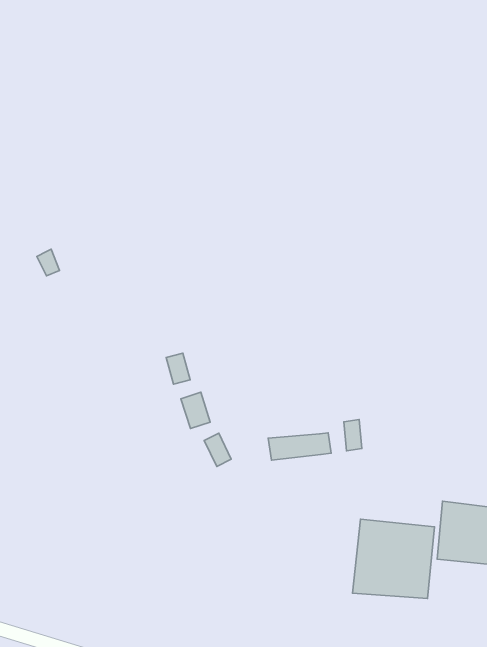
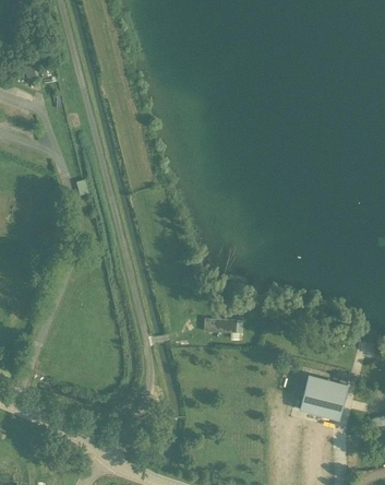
building: [352,519,435,599] -> none

